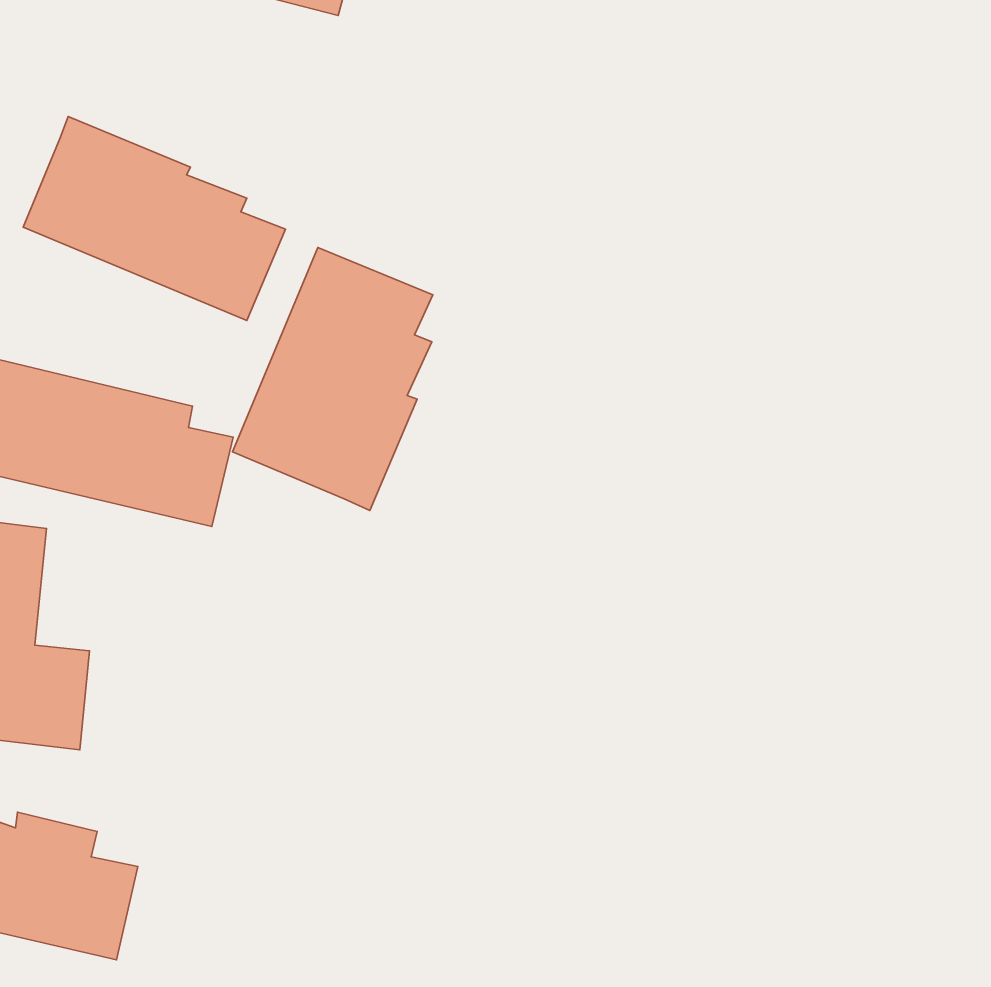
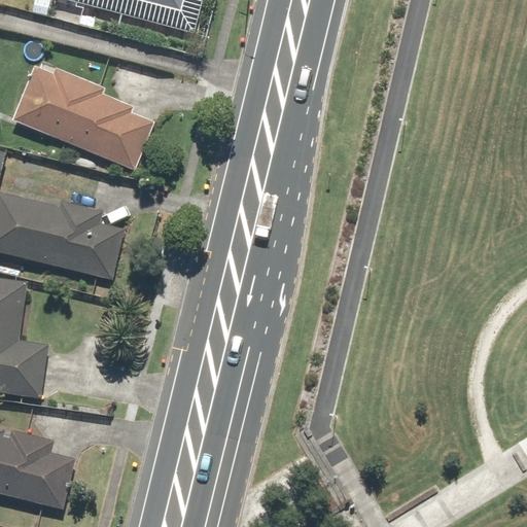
building: [233,248,433,511] -> none

